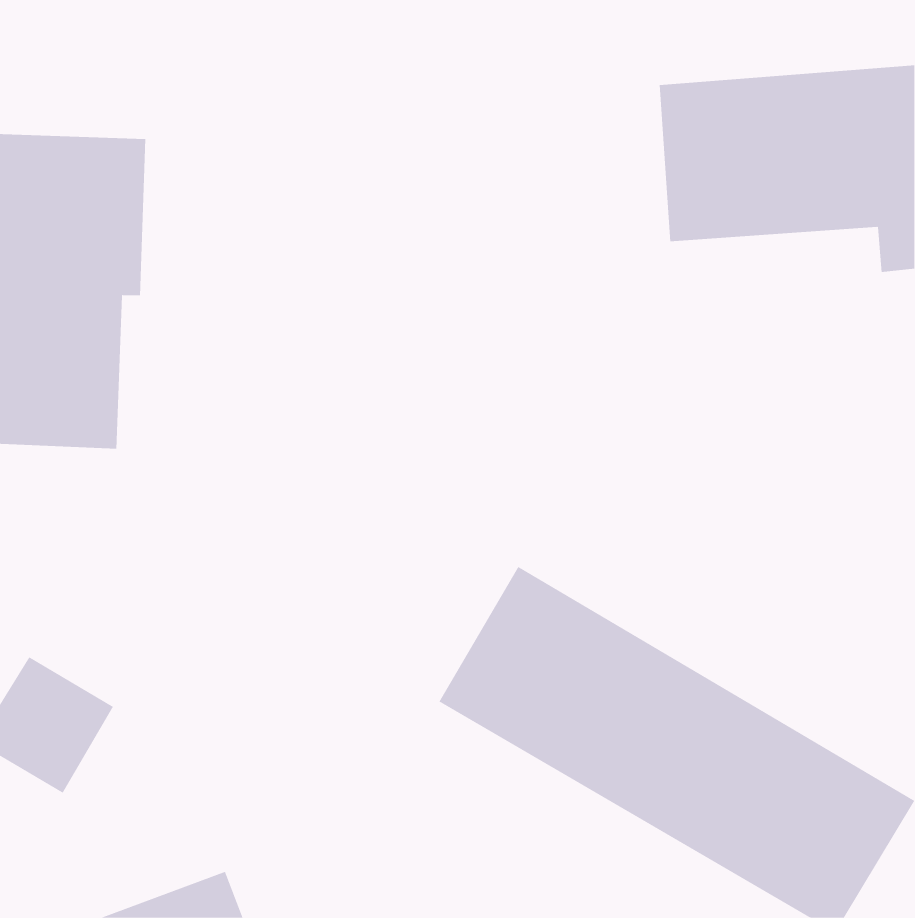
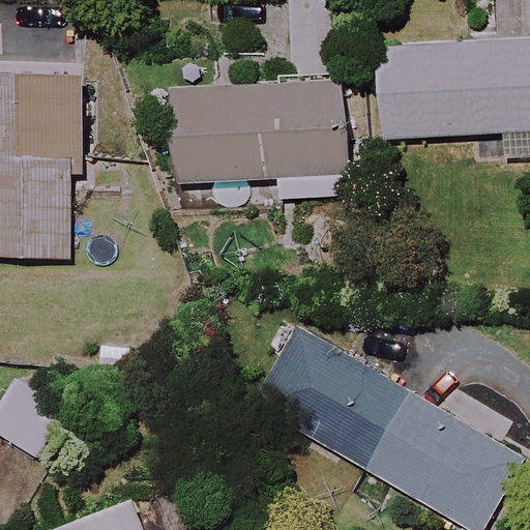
building: none -> [170,78,351,201]

